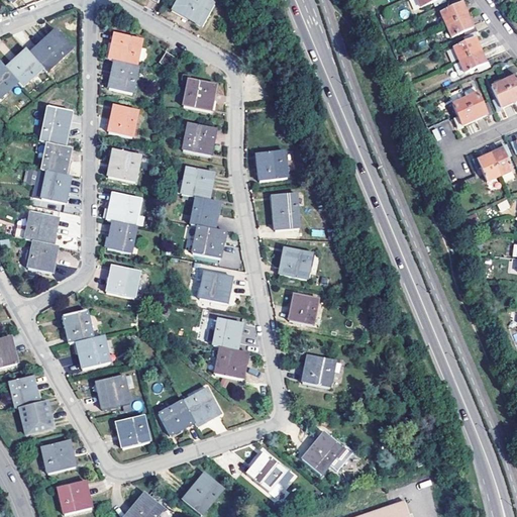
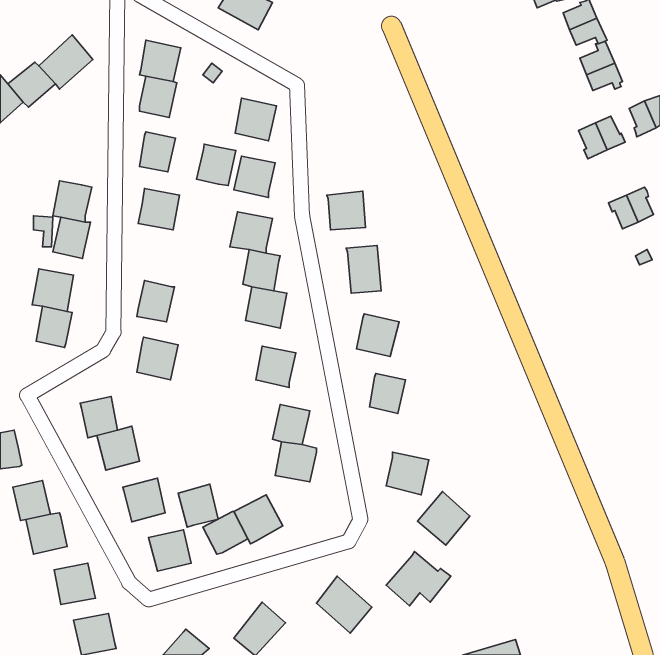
building: [40,105,71,144] -> none
building: none -> [196,144,236,185]
building: [108,191,139,224] -> none
building: none -> [178,484,218,527]
building: none -> [417,491,470,545]

